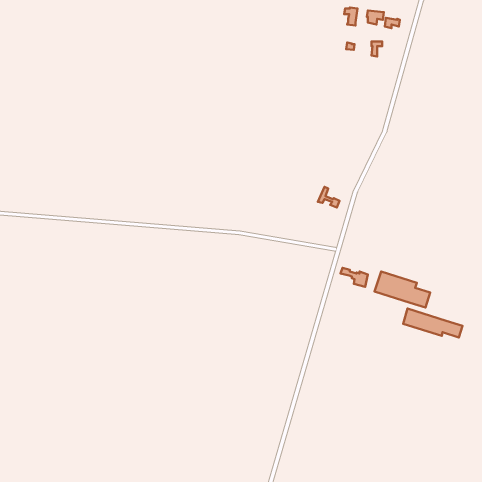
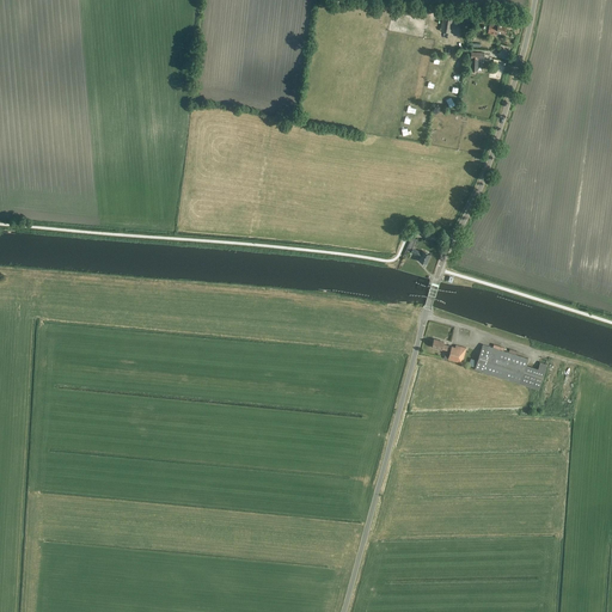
building: [403,309,463,337] -> none

